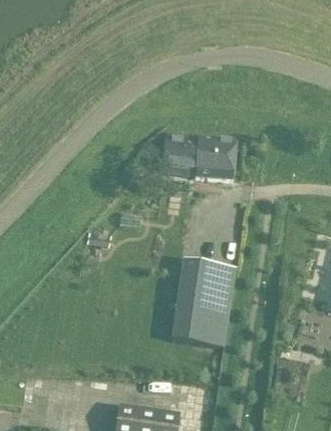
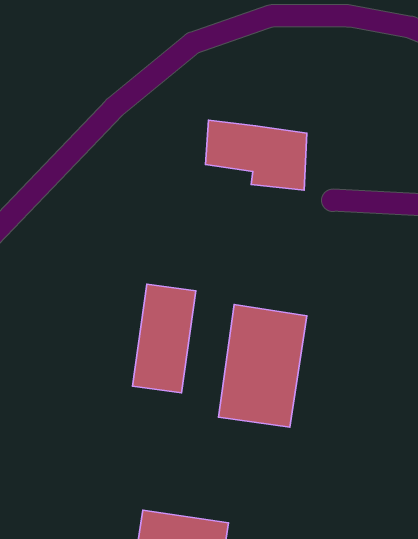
building: none -> [133,284,196,393]

